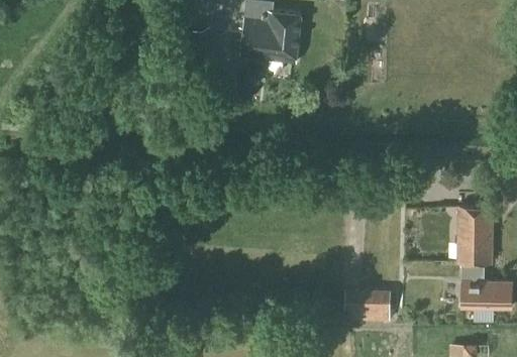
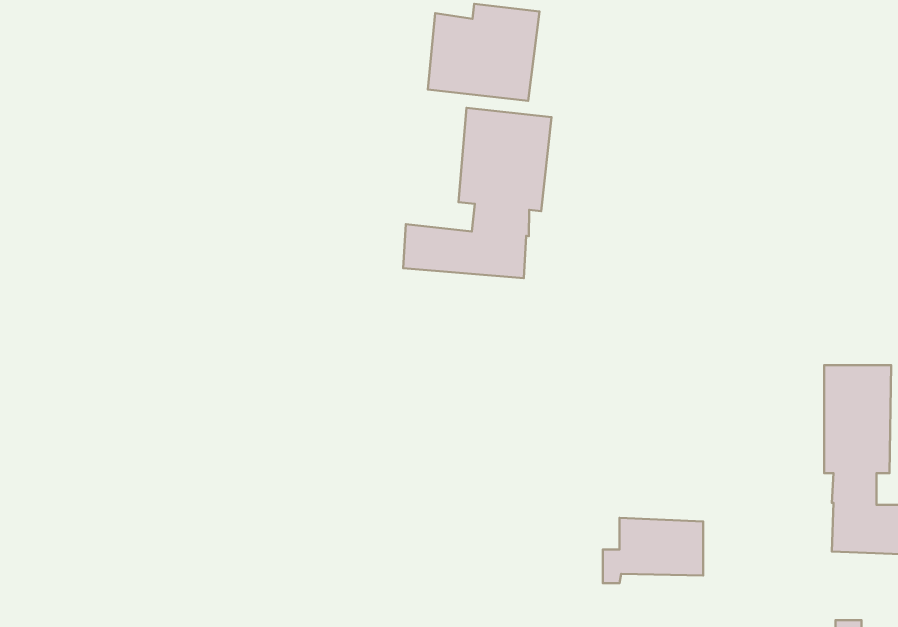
building: none -> [403,108,551,278]

